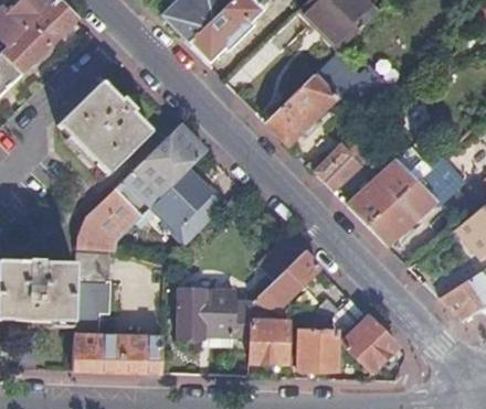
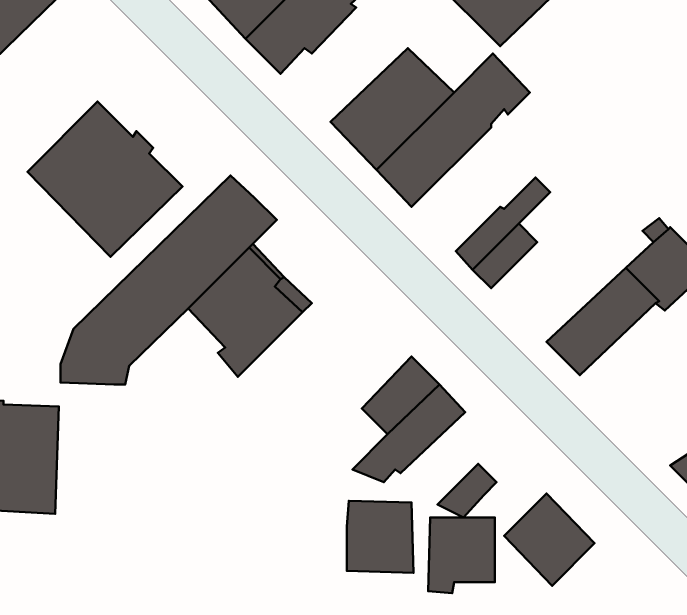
building: [348,161,415,225] -> none
building: [73,249,161,373] -> none
building: [179,288,250,337] -> none

